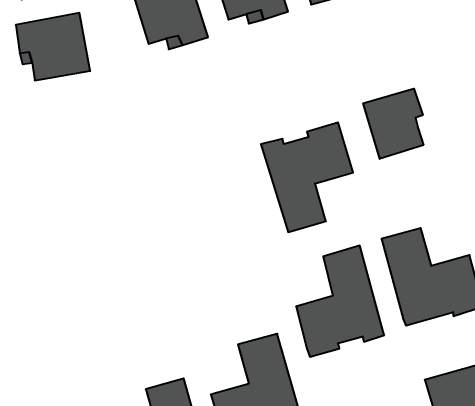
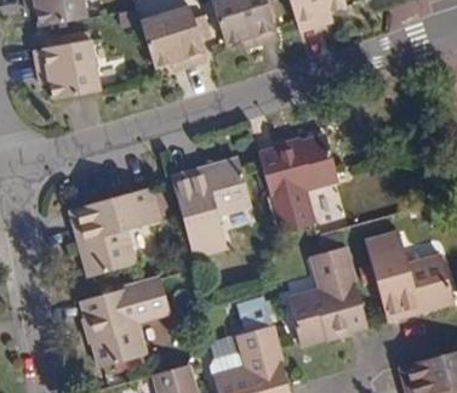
building: [363,89,423,159] -> none
building: none -> [171,159,250,258]
building: none -> [70,187,156,278]
building: none -> [79,279,167,369]

